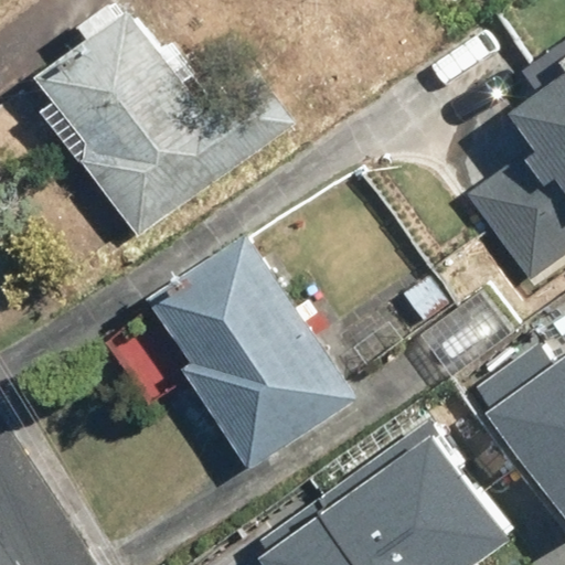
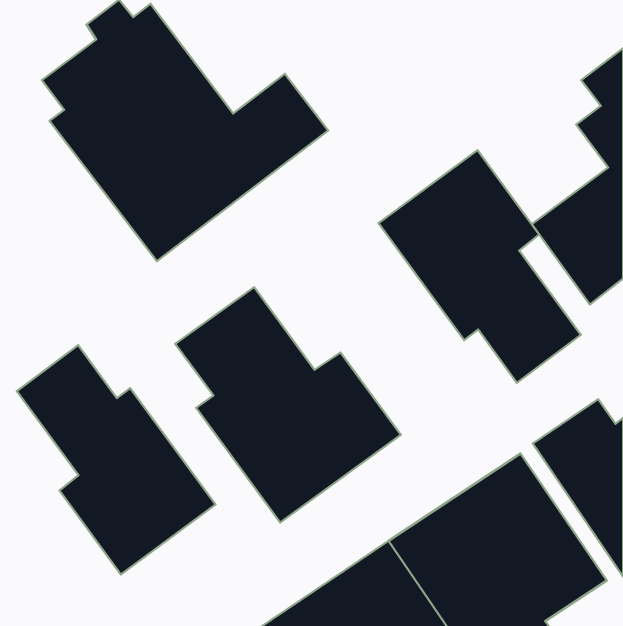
building: none -> [379,150,581,383]
building: none -> [17,345,215,575]

